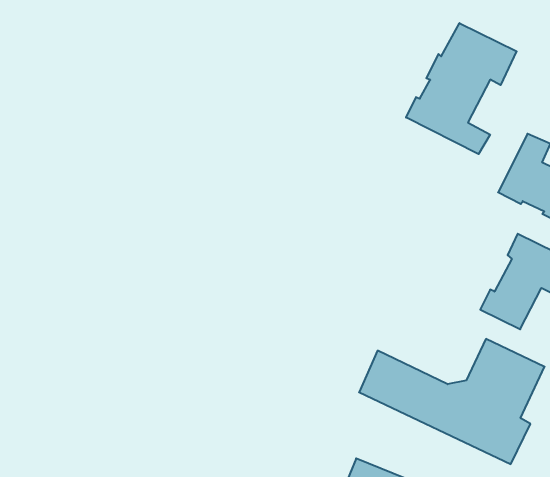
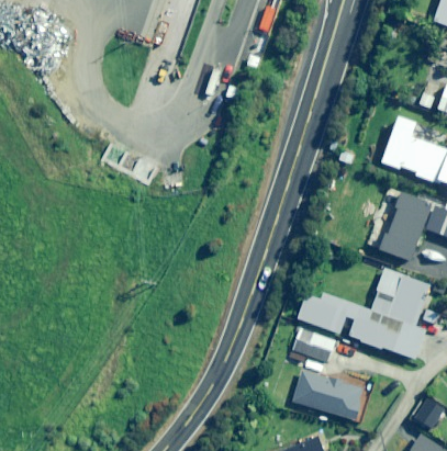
building: [406,23,517,154] -> none
building: none -> [291,326,335,363]

